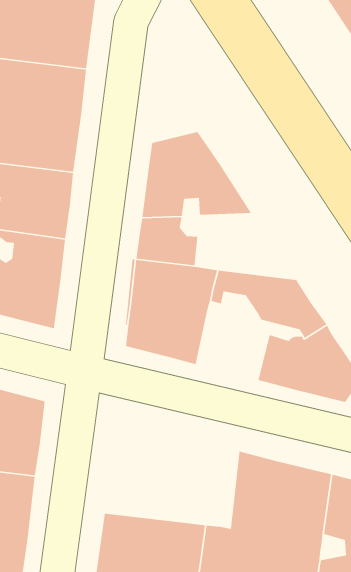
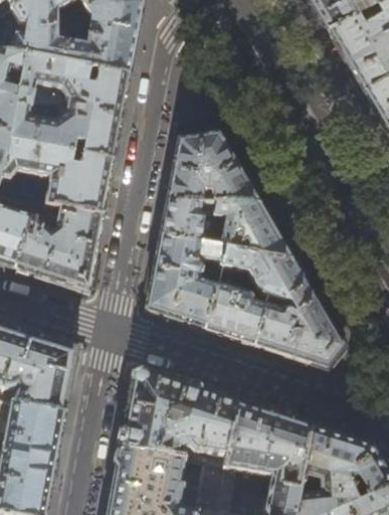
building: none -> [208,204,293,263]
building: none -> [204,286,266,345]
building: none -> [120,371,235,467]

